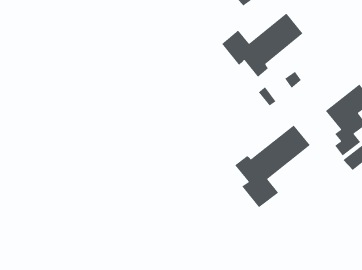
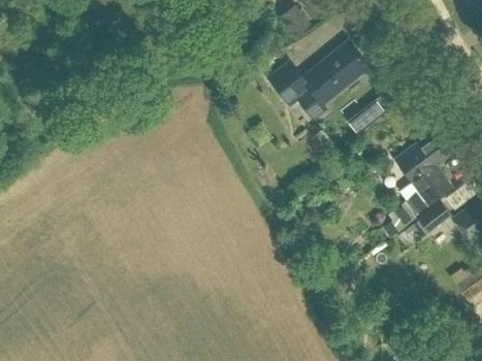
building: [234,124,311,208] -> none

